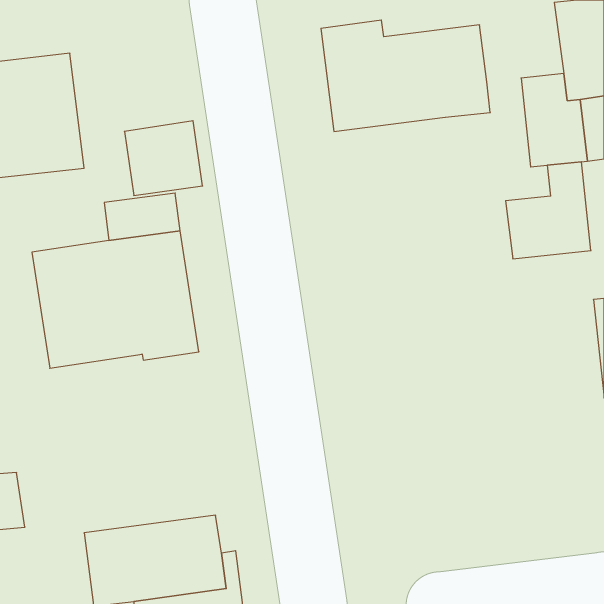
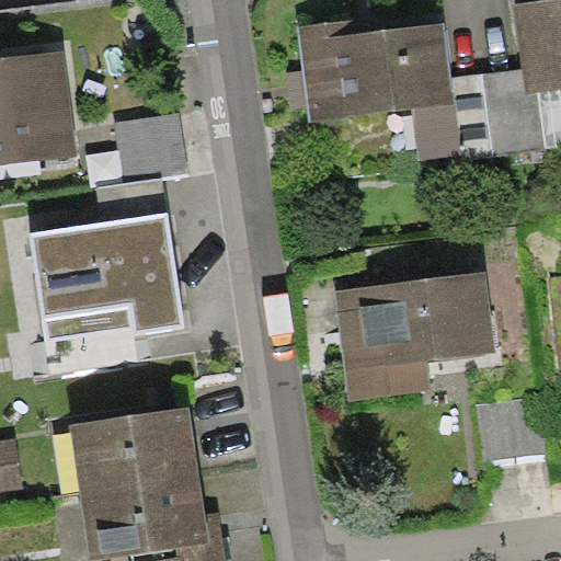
building: [506,162,591,259] -> [412,73,491,163]
building: none -> [334,273,495,401]
building: none -> [476,394,547,462]
building: none -> [69,408,199,494]

